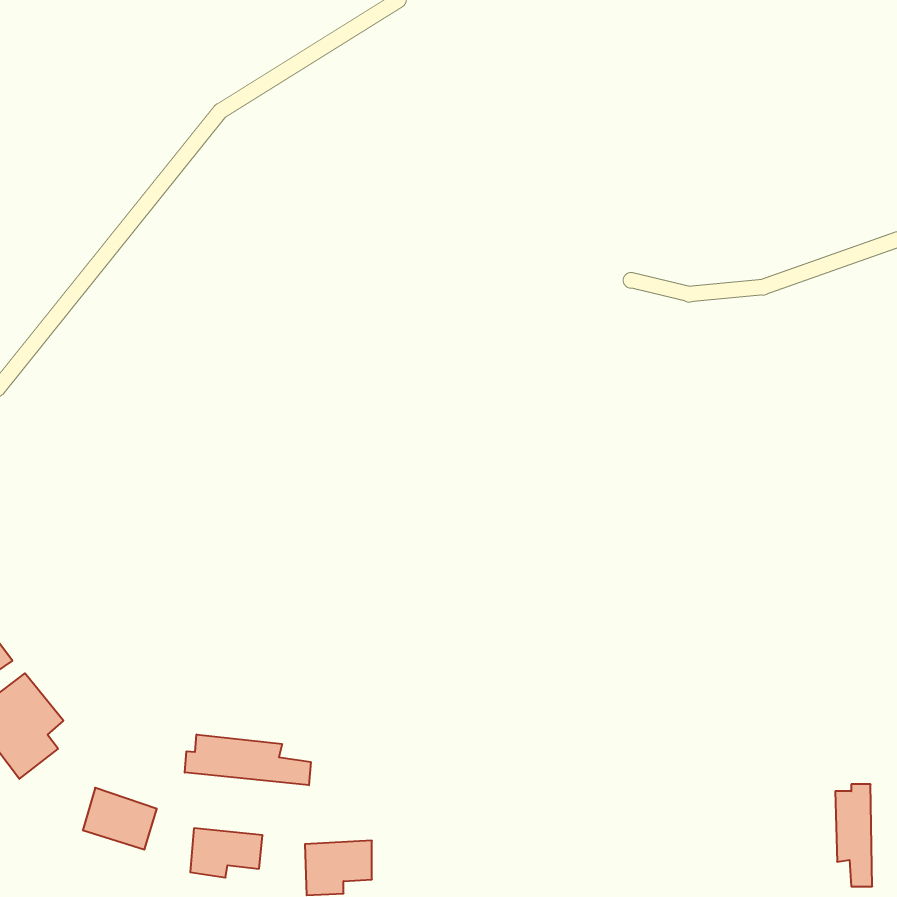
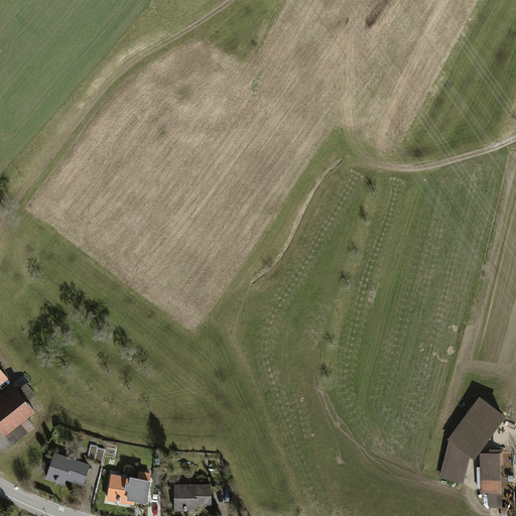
building: none -> [437,397,503,483]
building: [185,734,311,785] -> none

